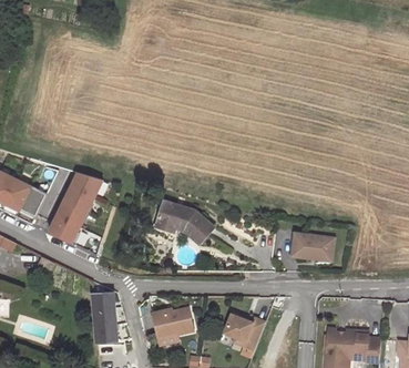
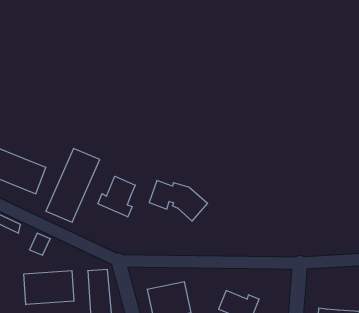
building: none -> [98,176,135,217]
building: [290,233,334,262] -> none
building: none -> [24,271,74,305]

